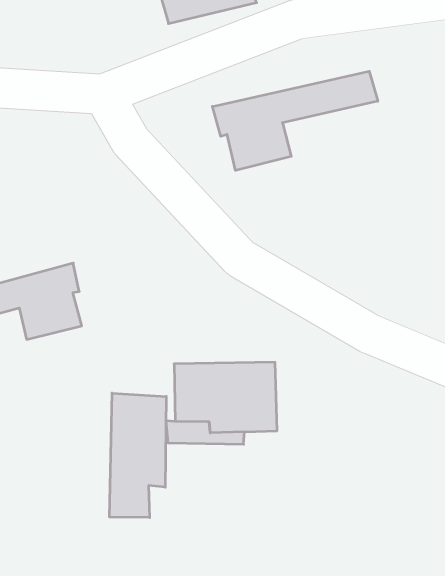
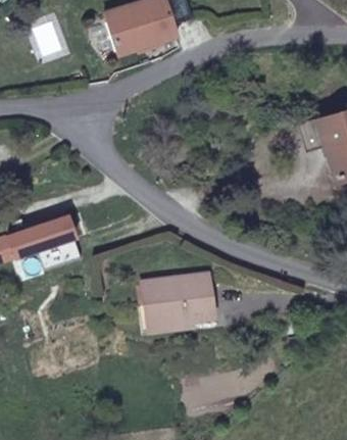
building: [212,71,378,170] -> none
building: [110,393,166,518] -> none

